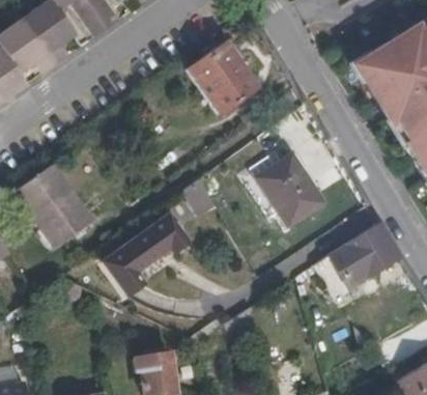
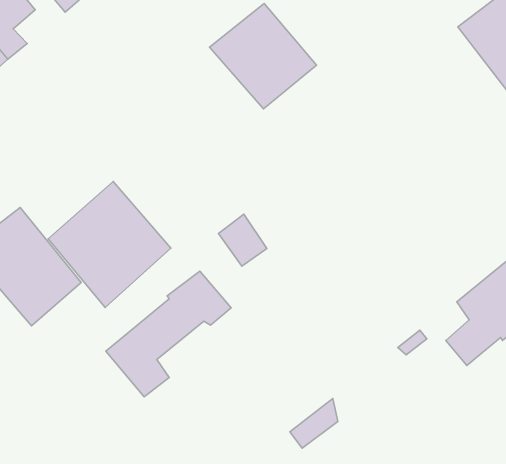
building: none -> [48,181,171,307]
building: [256,153,322,223] -> none

